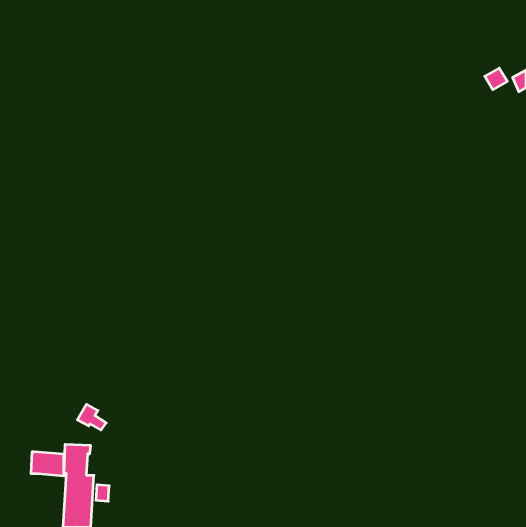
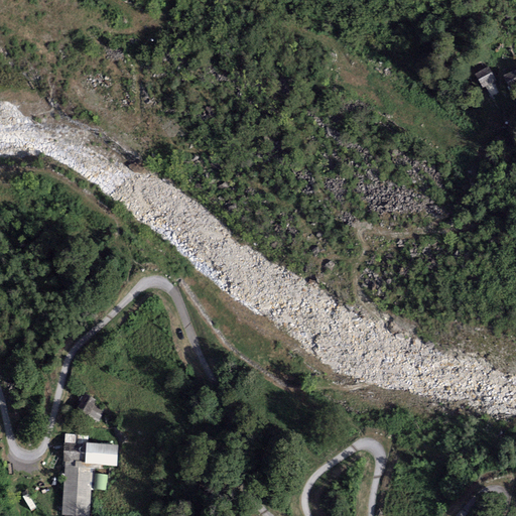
building: [31,452,64,476] -> [85,443,117,467]

